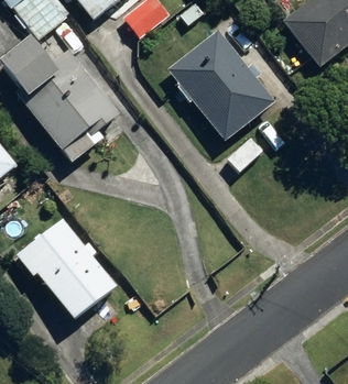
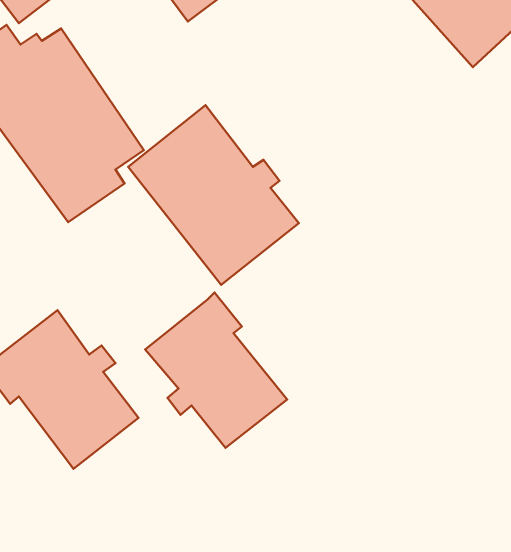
building: [165,29,272,141] -> [128,105,299,285]
building: none -> [145,293,287,448]

